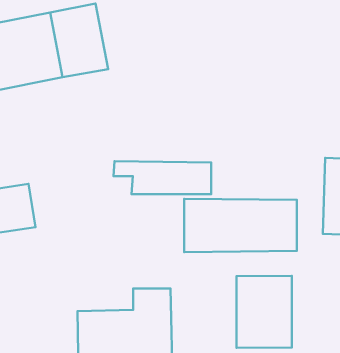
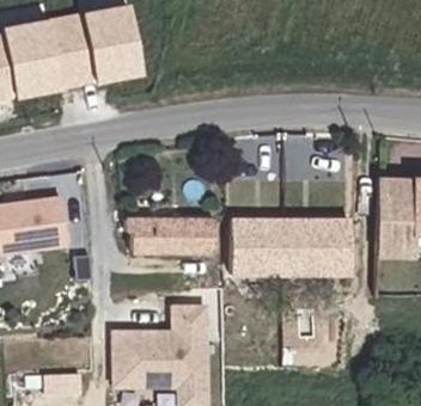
building: [113,161,211,194] -> [117,220,220,254]
building: [236,276,292,348] -> none

